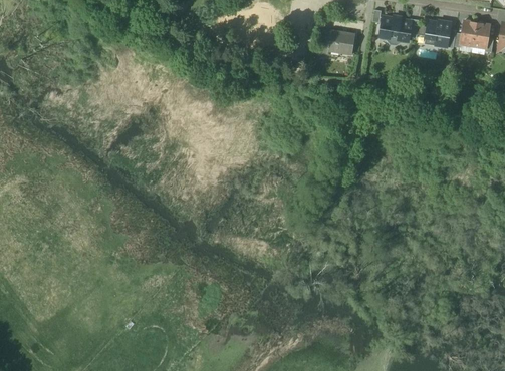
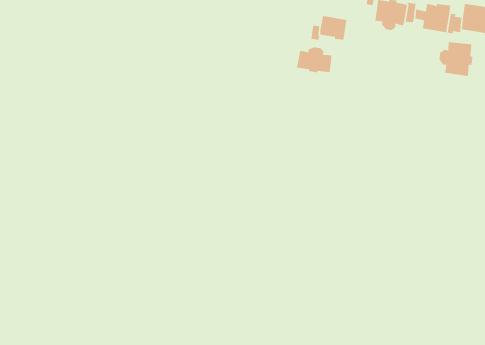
building: none -> [439,41,473,77]
building: none -> [297,47,332,73]

